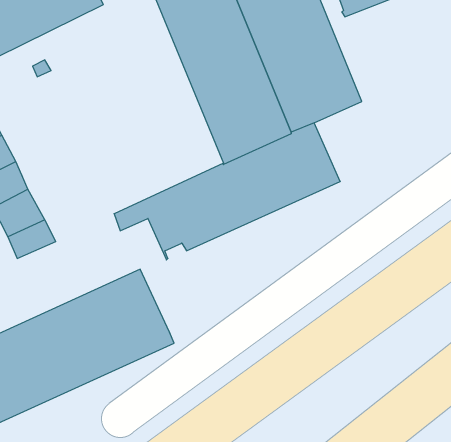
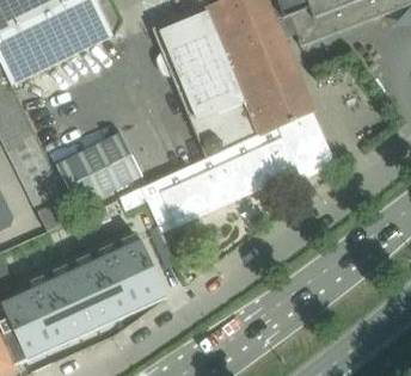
building: none -> [276,110,332,177]
building: none -> [56,132,143,208]

